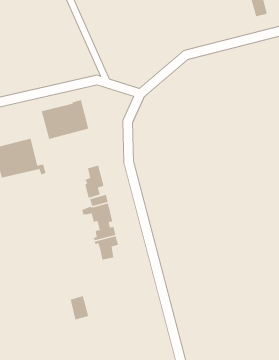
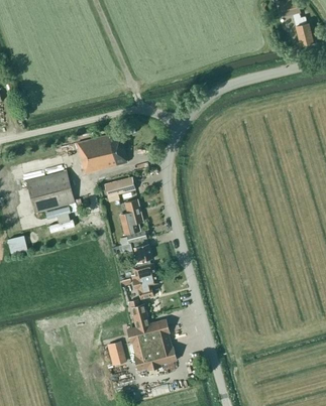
building: none -> [104,177,133,201]
building: none -> [126,299,176,370]

